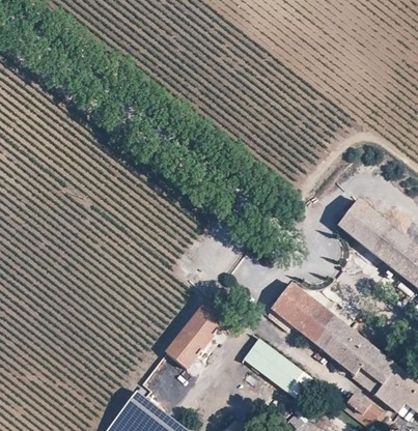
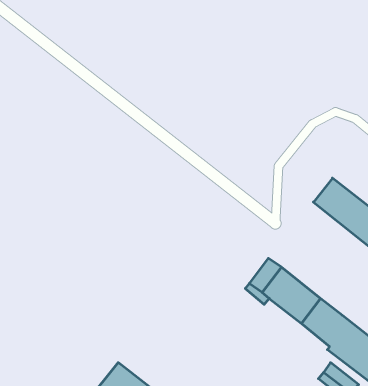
building: [167,295,229,368] -> none
building: [244,337,313,398] -> none

